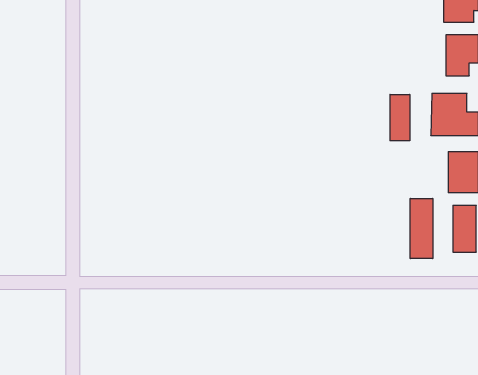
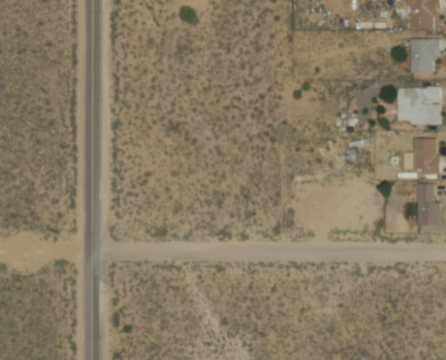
building: [390,94,410,141] -> none
building: [410,198,433,259] -> none

